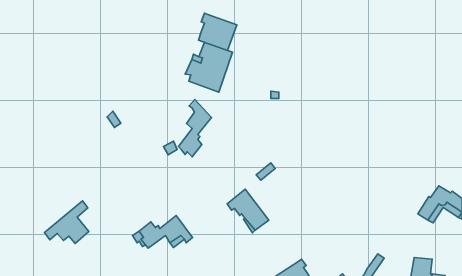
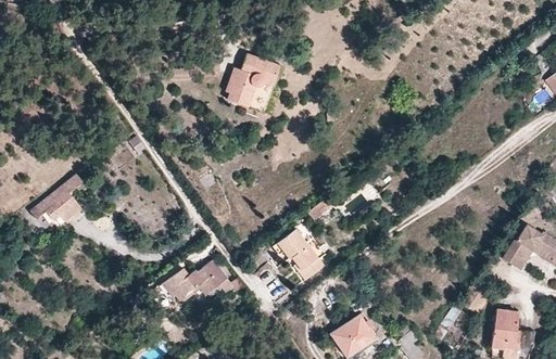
building: [199,13,237,50] -> none
building: [178,99,211,157] -> none
building: [44,201,89,243] -> [30,172,84,223]

